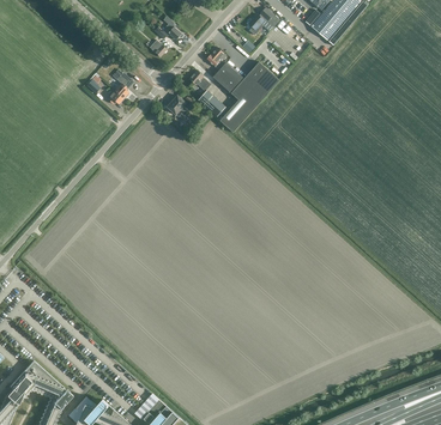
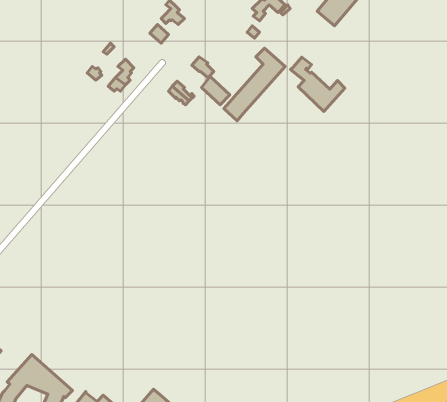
building: [205,47,258,99] -> [291,57,345,111]

